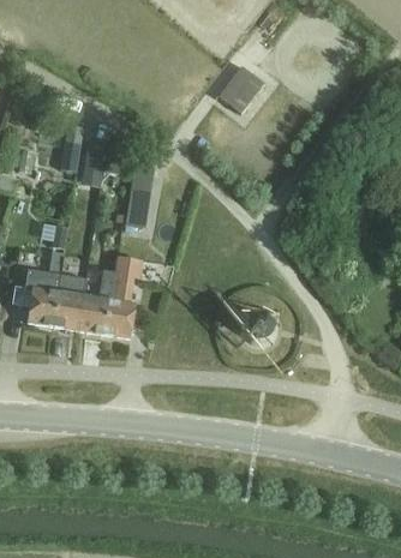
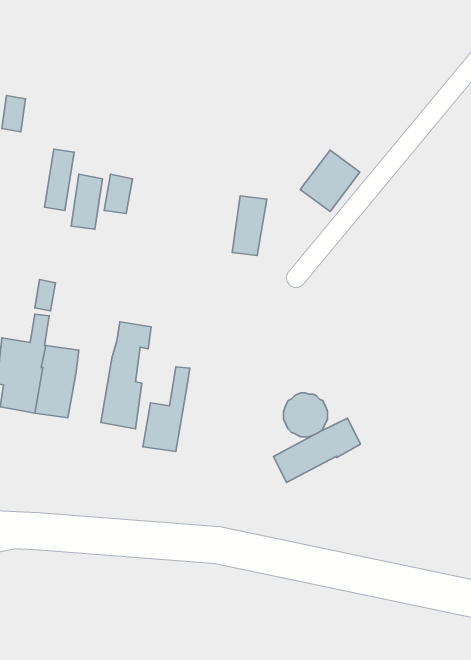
building: [219,65,264,112] -> [300,150,360,211]
building: [124,180,150,226] -> [232,196,267,256]
building: [78,268,114,332] -> [143,367,190,452]
building: none -> [274,418,361,482]

